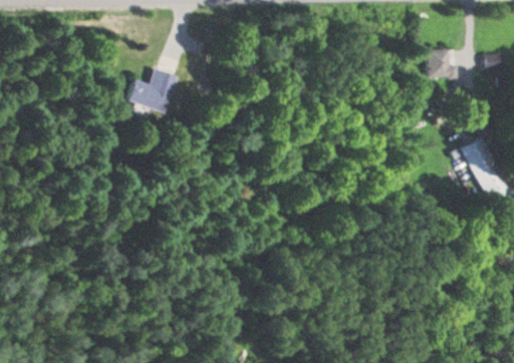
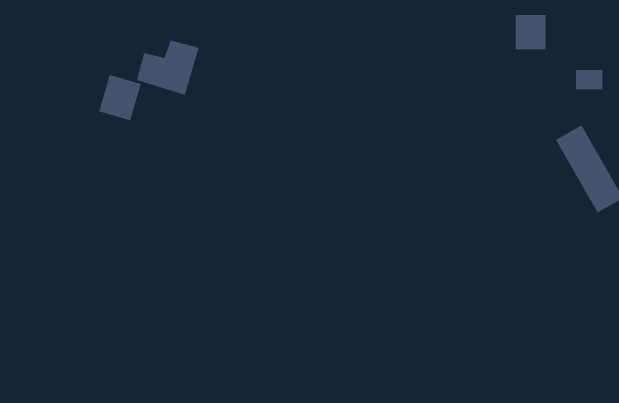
building: [483,53,505,69] -> [575,69,603,90]
building: none -> [99,74,141,121]

